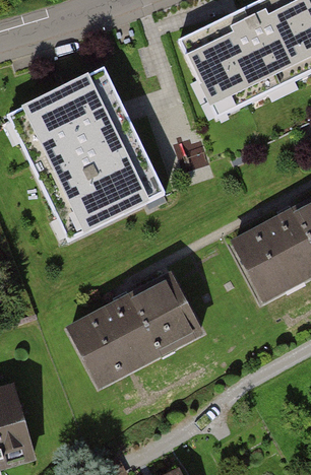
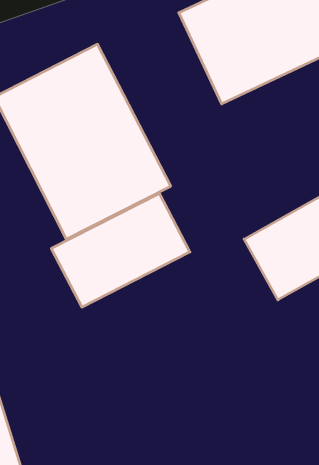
building: [74,276,199,379] -> [51,193,190,307]

